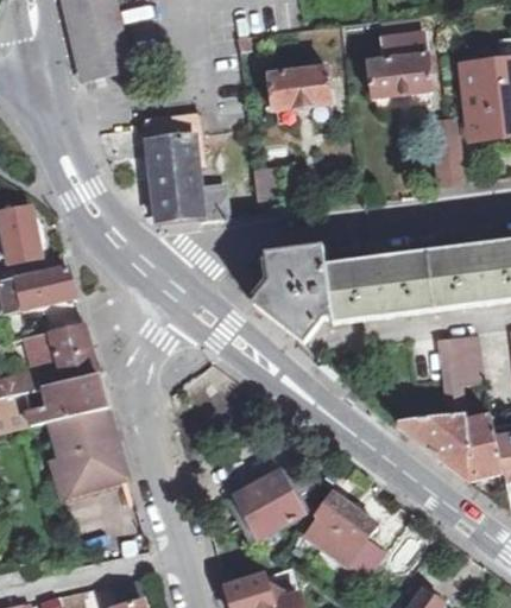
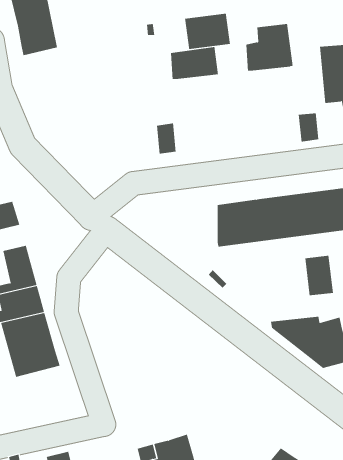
building: none -> [185,13,231,50]
building: [141,110,225,222] -> none
building: [254,253,329,341] -> none
building: [235,458,315,536] -> none
building: [308,492,384,577] -> none

